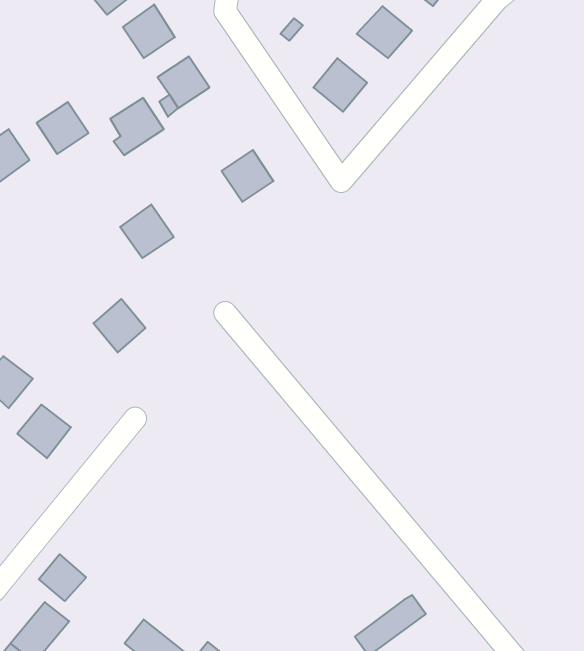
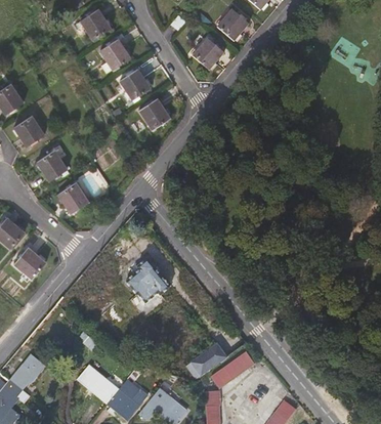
building: [110,98,164,155] -> [116,62,147,96]
building: [37,102,88,154] -> [13,112,44,142]
building: [120,204,174,258] -> [36,144,68,176]
building: none -> [126,259,170,304]
building: [39,554,86,601] -> none
building: none -> [196,346,229,377]

